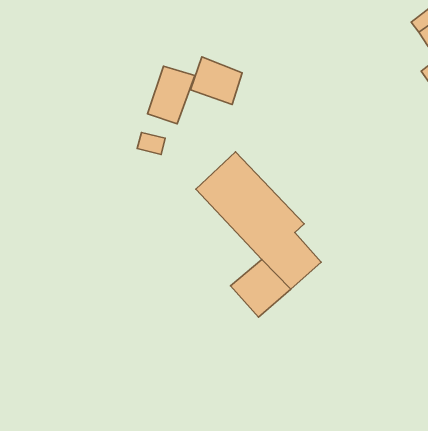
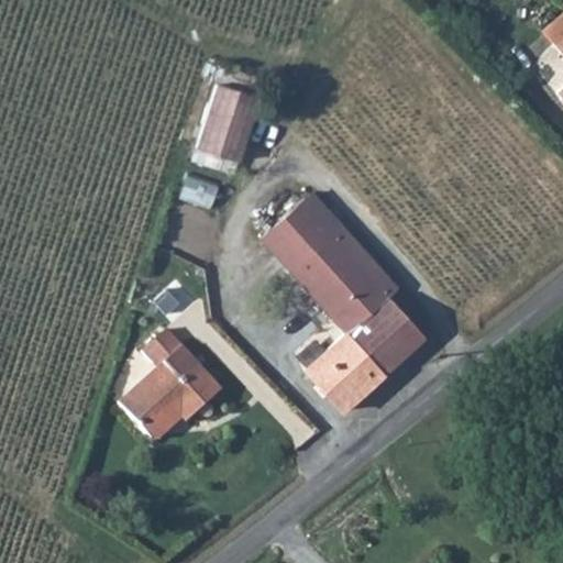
building: [190,57,242,105] -> none
building: none -> [123,325,225,435]

